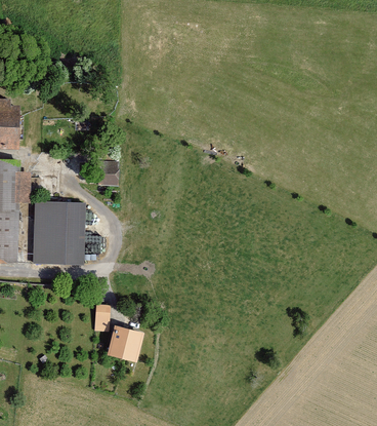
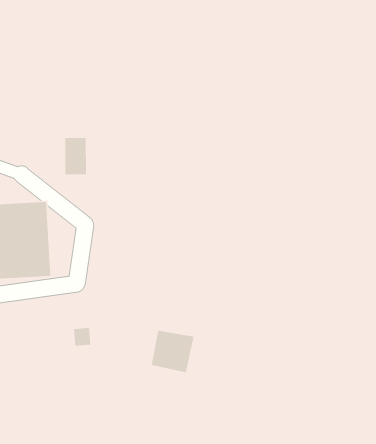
building: [108,325,143,361] -> [151,330,194,373]

